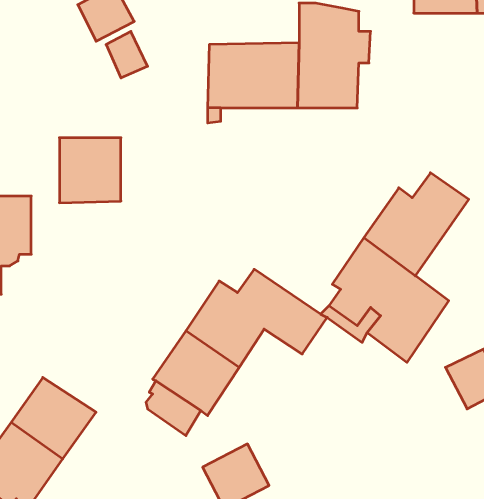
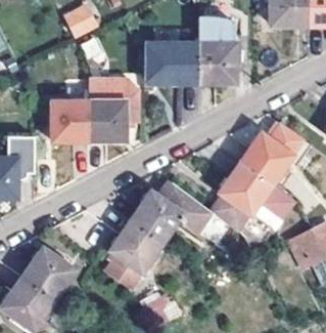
building: none -> [89,80,138,140]

